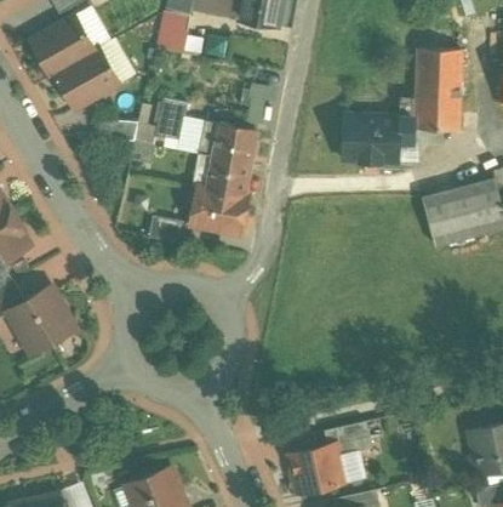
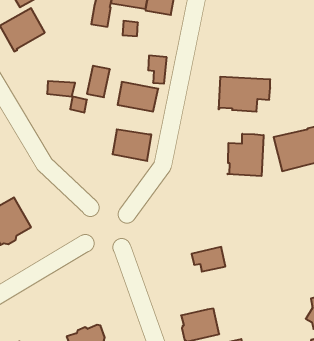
building: [55,47,119,109] -> none
building: [416,49,462,132] -> none
building: [192,154,250,196] -> none
building: none -> [228,134,264,176]
building: [149,216,187,244] -> none
building: [324,421,372,456] -> [192,247,225,272]

